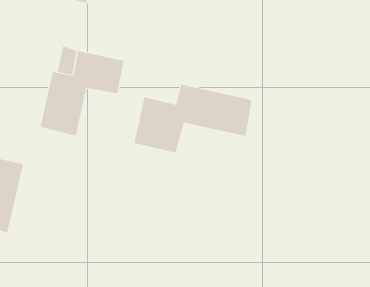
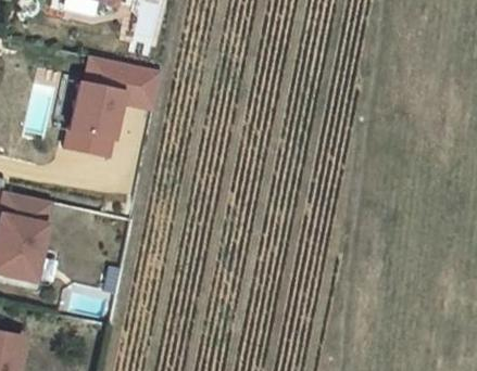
building: [134,84,252,153] -> none

